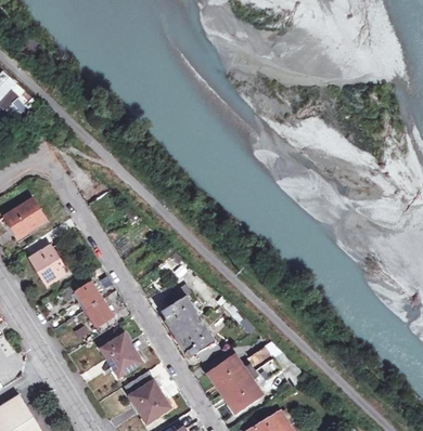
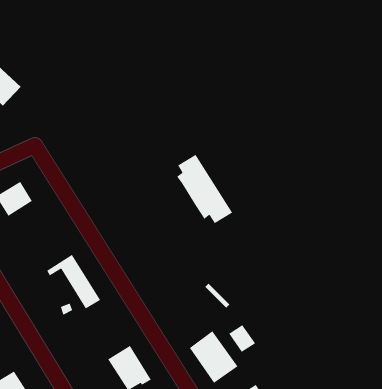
building: [30,245,64,284] -> none
building: [159,287,219,361] -> [176,154,233,224]
building: [99,334,139,371] -> none

